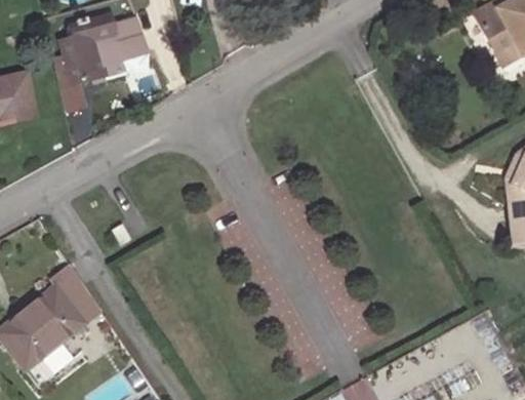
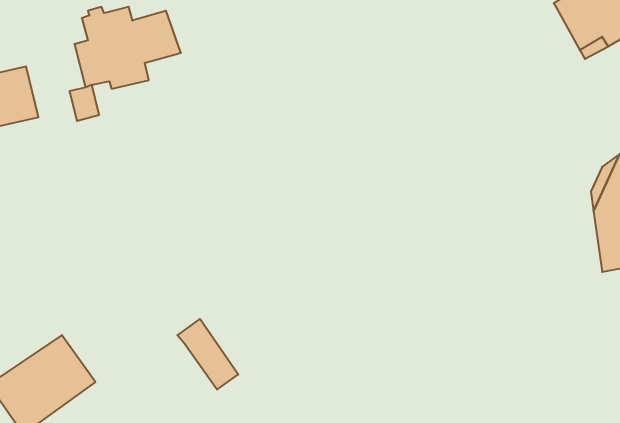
building: [51,270,102,328] -> [177,319,238,389]

